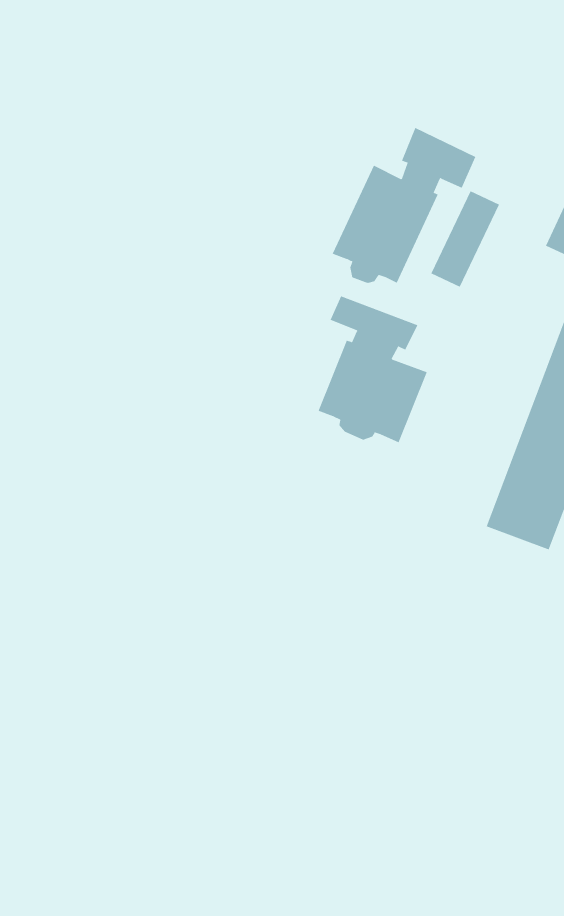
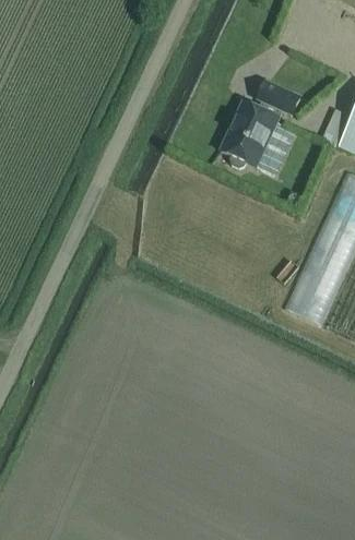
building: [318,296,427,443] -> none

